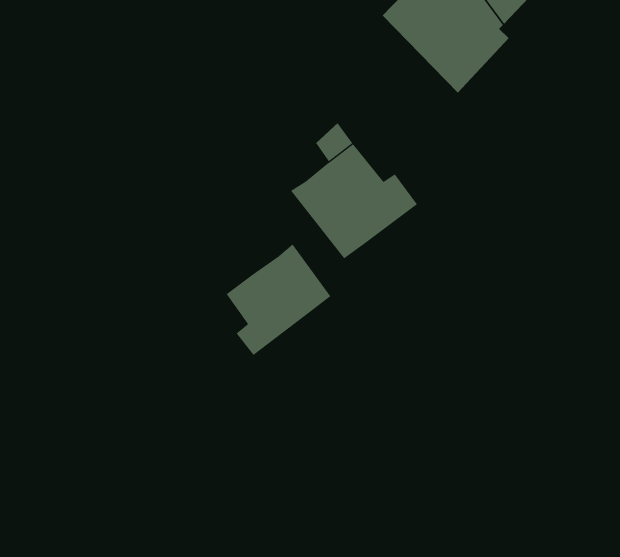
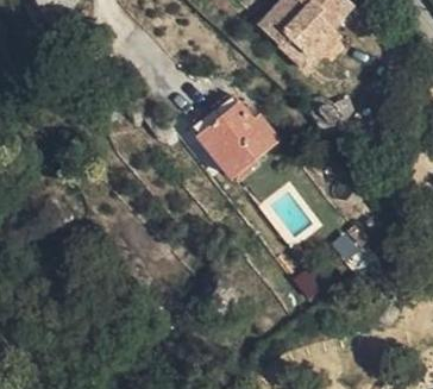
building: [226,243,331,356] -> none

